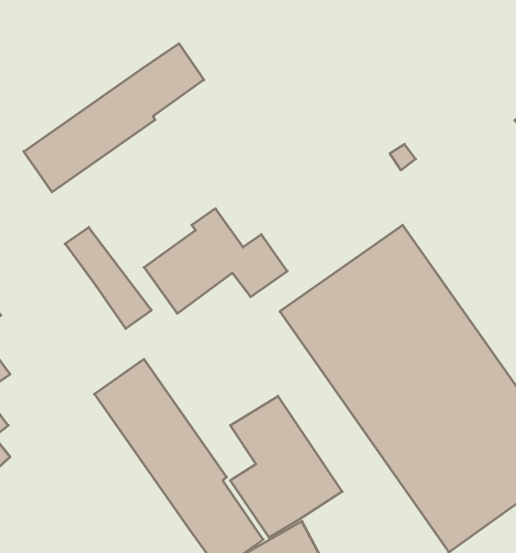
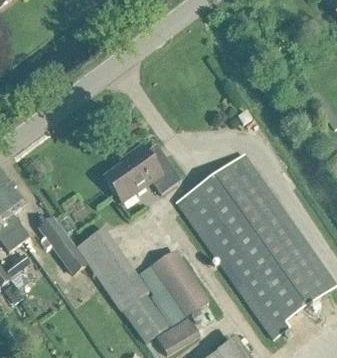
building: [24,44,204,192] -> none
building: [65,227,151,329] -> [38,218,85,273]

